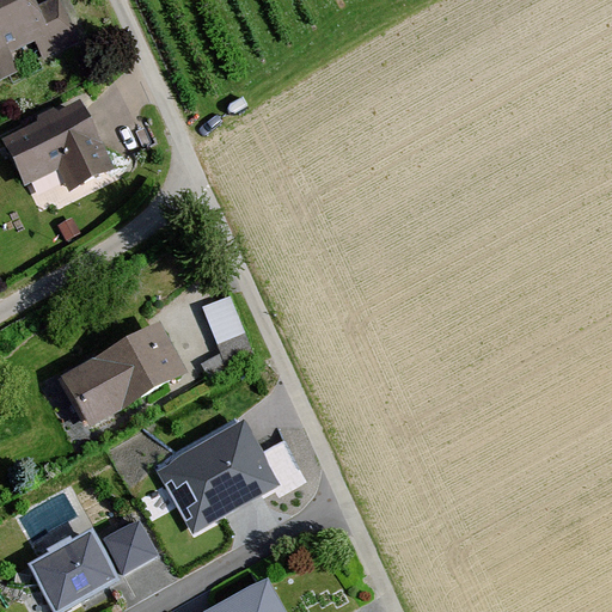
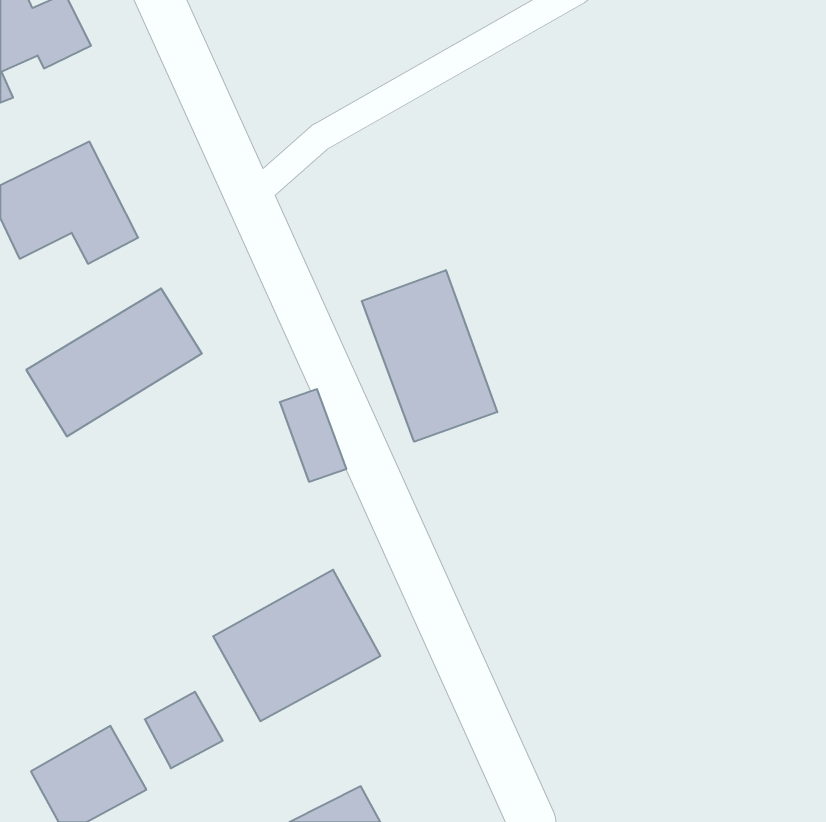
building: none -> [362,270,497,442]
building: [53,323,182,432] -> [26,288,202,436]

